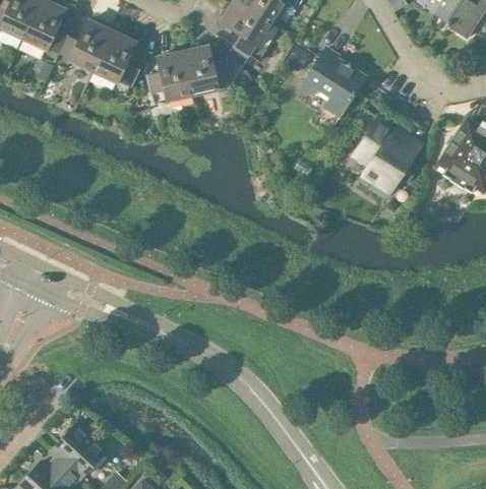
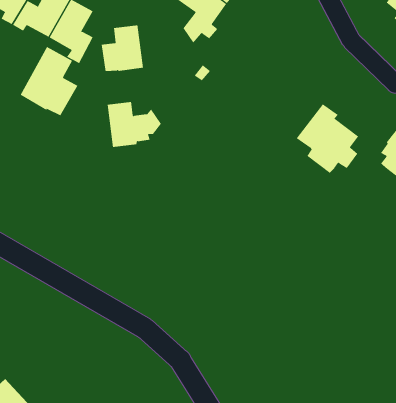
building: [183,46,241,95] -> [107,102,162,148]
building: [303,50,366,118] -> none
building: none -> [20,46,78,116]

